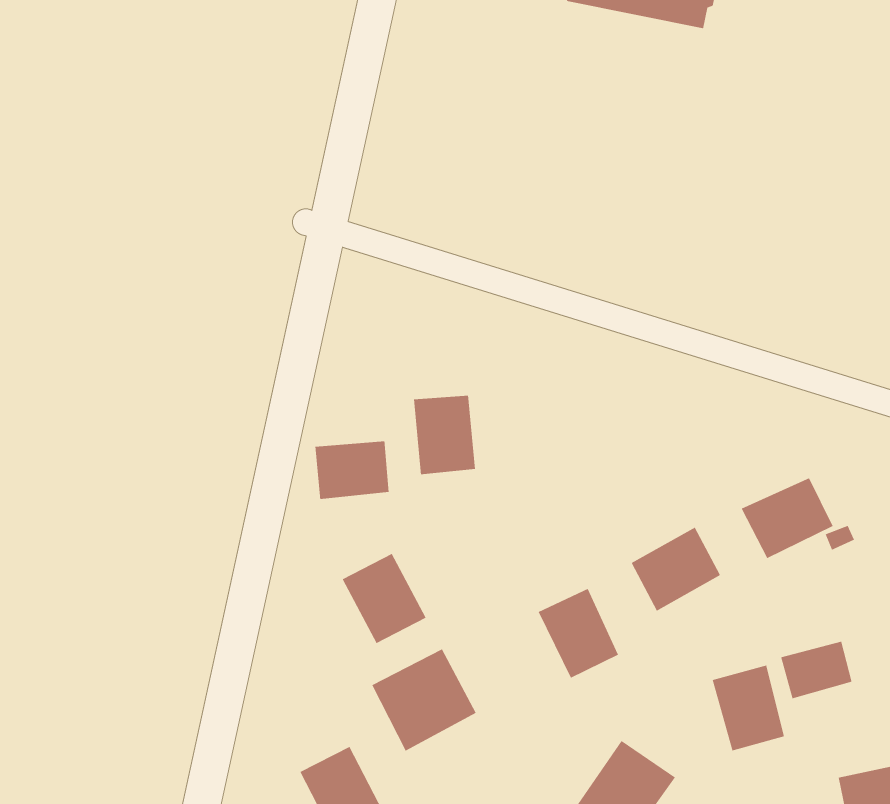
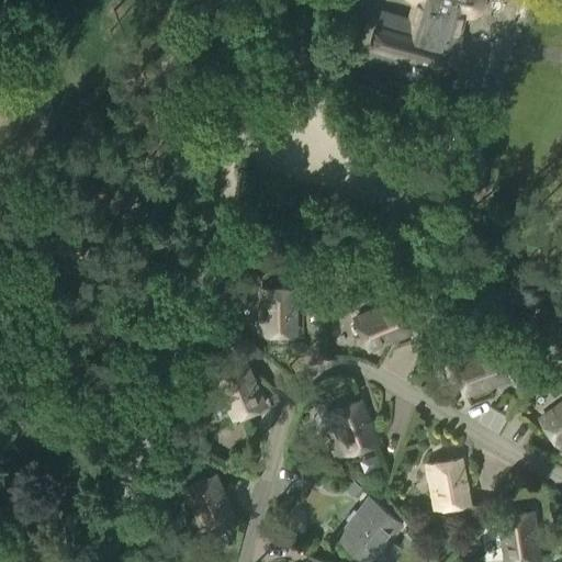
building: [315,440,389,500] -> none
building: [631,527,721,611] -> [357,301,409,349]
building: [781,641,852,699] -> none
building: [371,648,476,751] -> none

